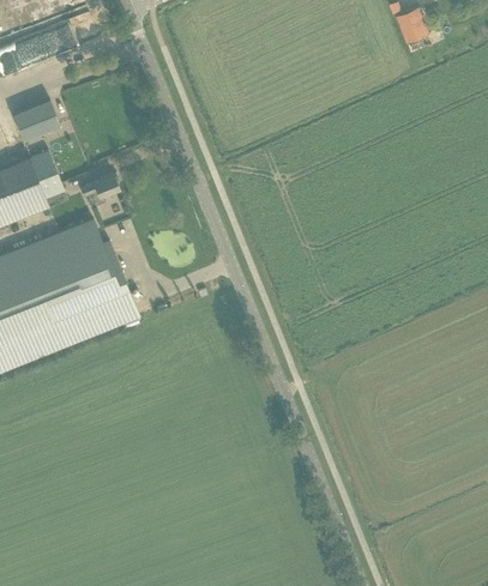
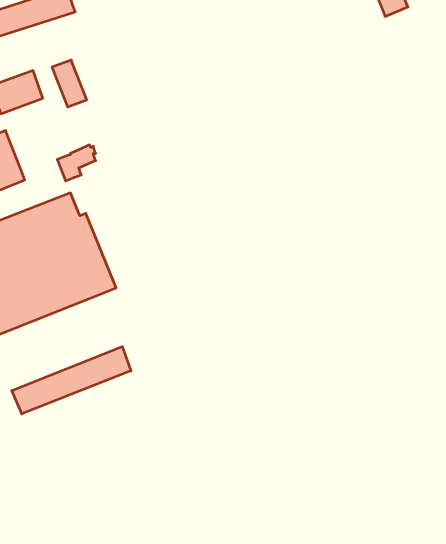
building: [29,151,64,198] -> [52,60,87,107]
building: none -> [12,347,131,414]

